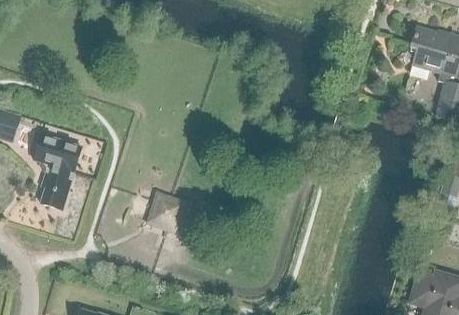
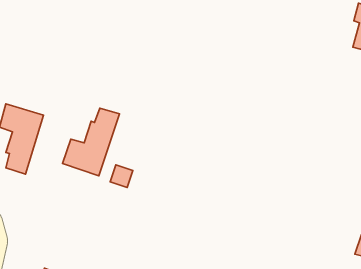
building: none -> [62,108,120,176]

